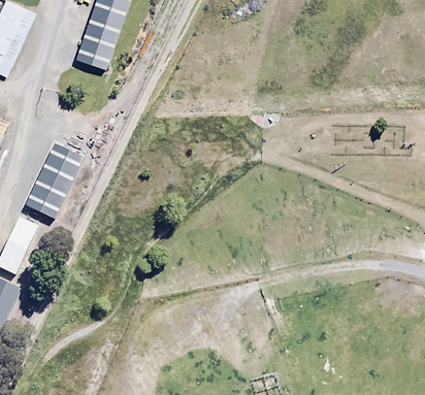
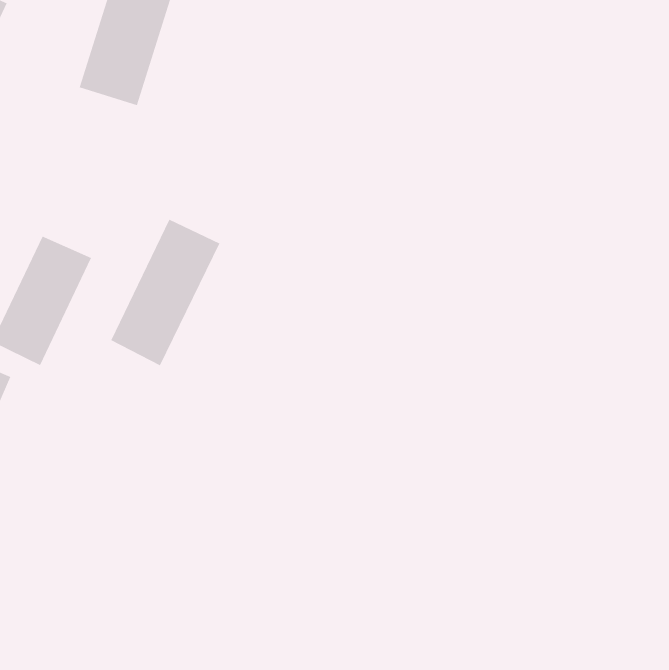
building: none -> [111,219,220,366]

